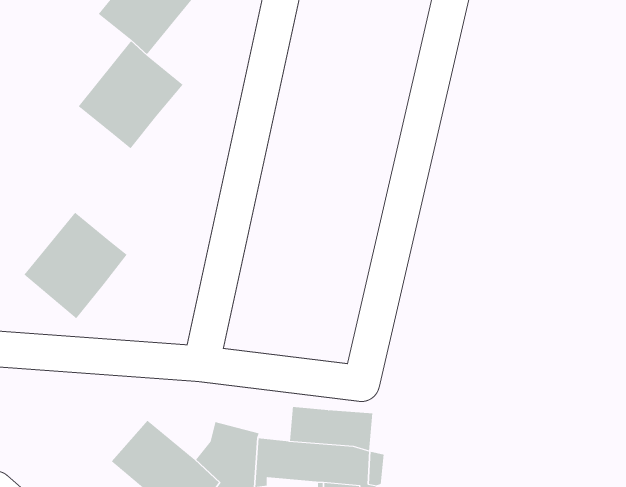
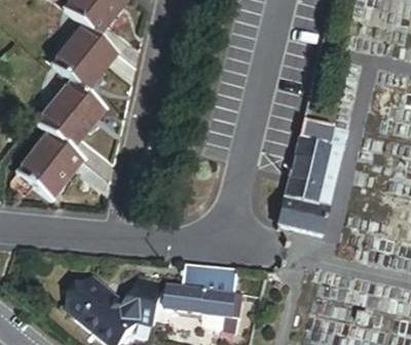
building: none -> [38,93,103,160]
building: none -> [274,119,342,236]

